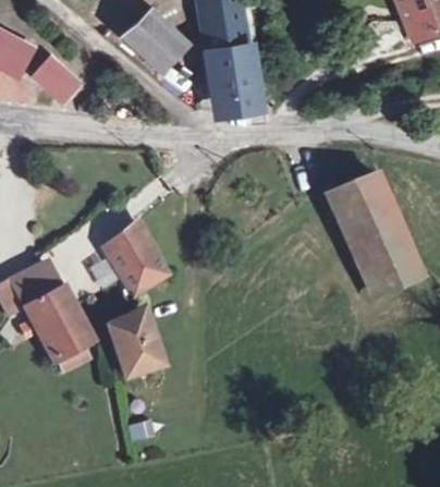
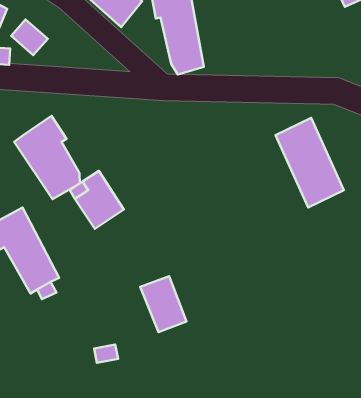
building: none -> [14,116,80,199]
building: [372,247,426,293] -> none
building: [110,316,162,379] -> [140,276,186,332]

